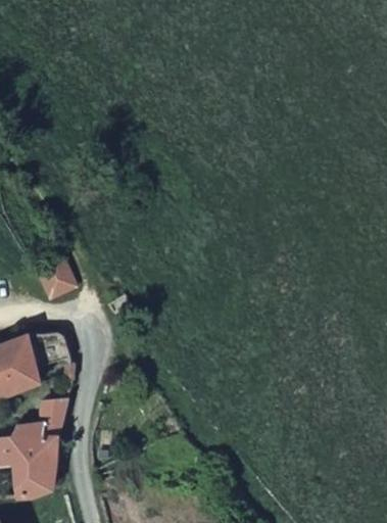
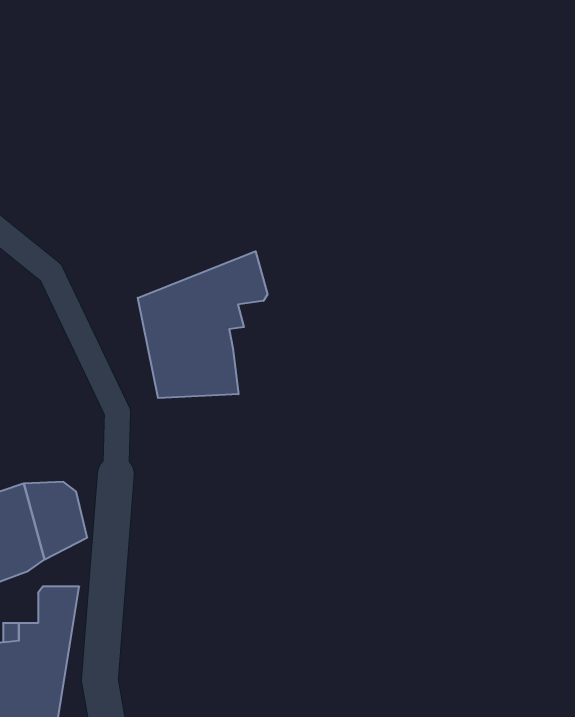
building: none -> [138,251,267,398]
building: [32,253,80,298] -> none

